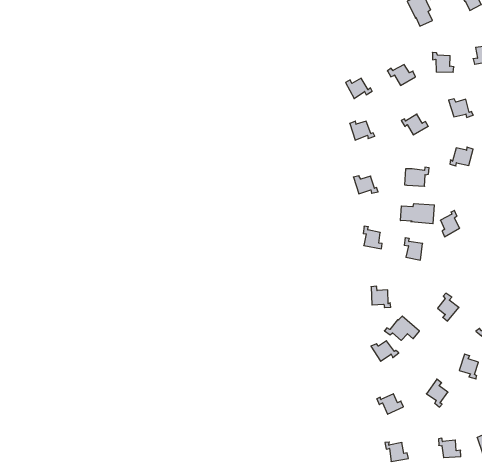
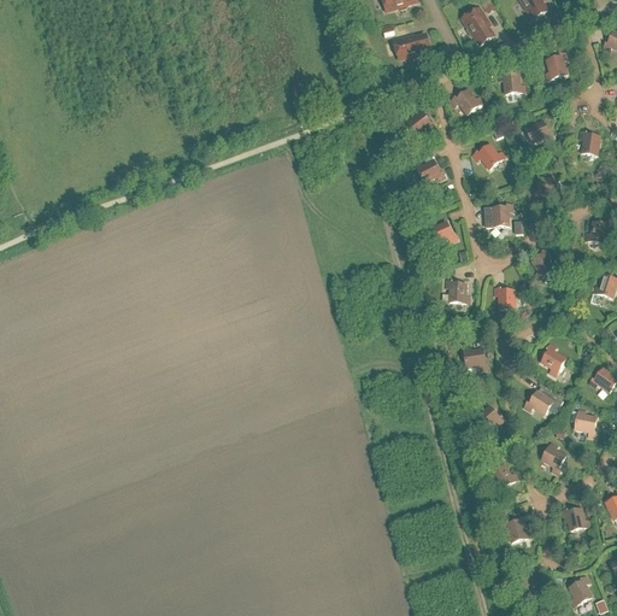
building: none -> [393,33,429,58]
building: [401,204,434,224] -> none
building: [384,316,419,340] -> [523,386,563,413]

